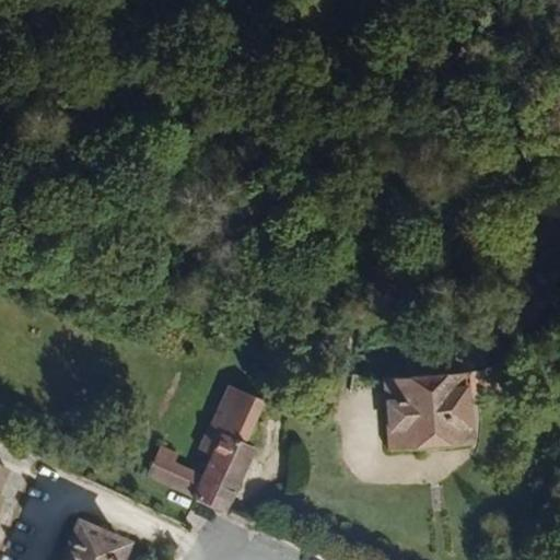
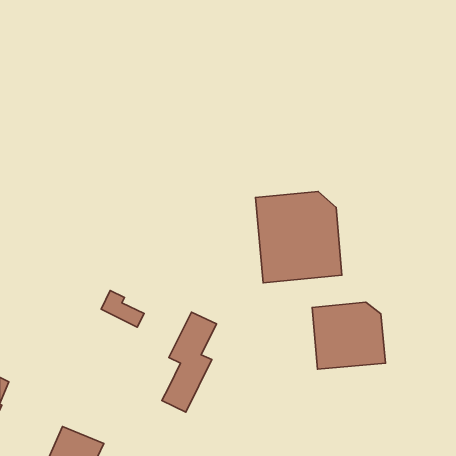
building: none -> [255,192,342,283]
building: [154,446,207,491] -> [101,290,144,327]

